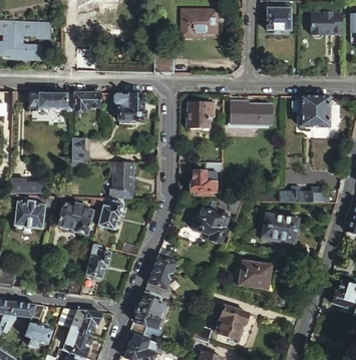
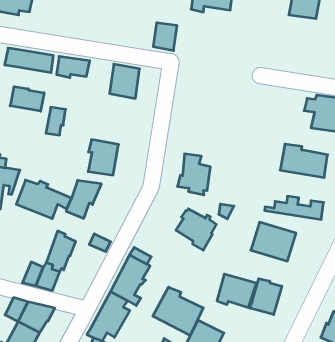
building: [232,99,271,123] -> [280,144,328,177]
building: [186,101,217,126] -> none
building: none -> [10,87,44,111]
building: none -> [250,279,282,315]
building: none -> [153,287,203,336]

